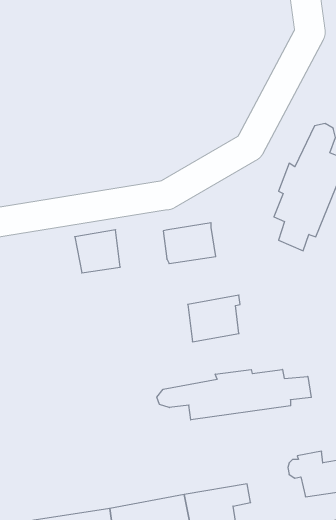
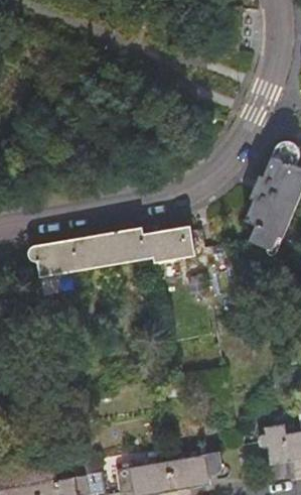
building: none -> [27,239,78,277]
building: [188,295,240,342] -> [107,225,152,265]
building: [157,369,311,420] -> none

